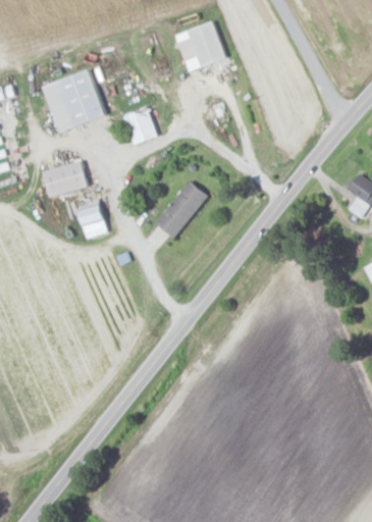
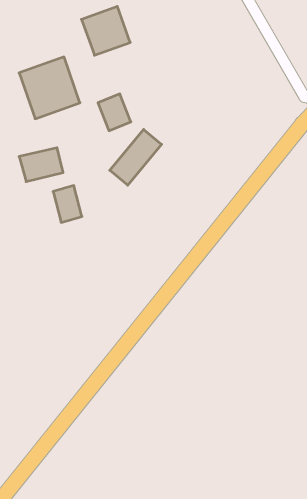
building: [175,20,225,70] -> [81,6,130,55]
building: [155,179,208,237] -> [110,129,162,185]

